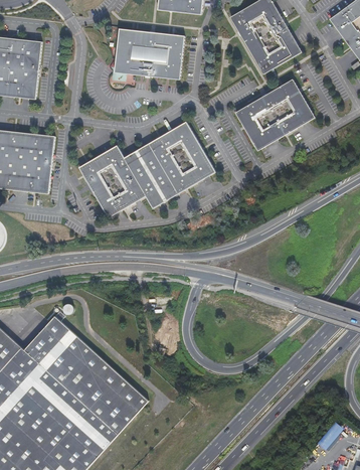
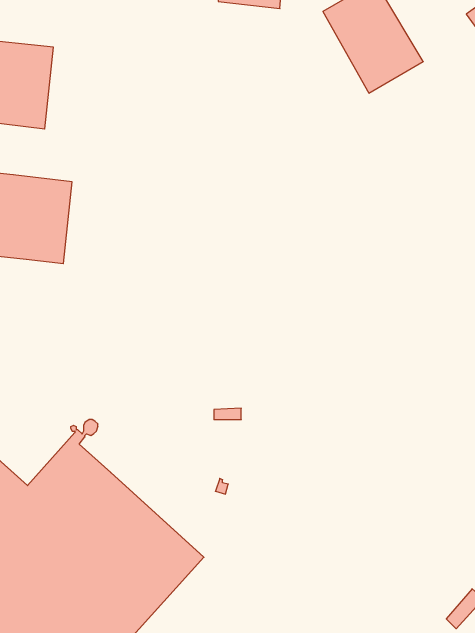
building: [114,28,184,79] -> none
building: [235,79,314,150] -> none
building: [78,121,215,216] -> none

